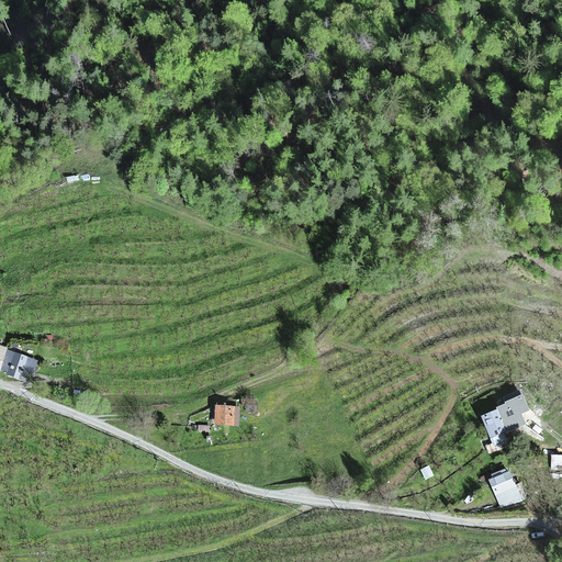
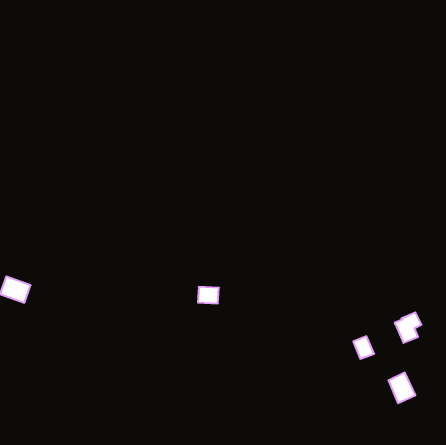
building: [214,404,240,425] -> [198,287,219,303]
building: [481,408,507,437] -> [353,336,374,359]

